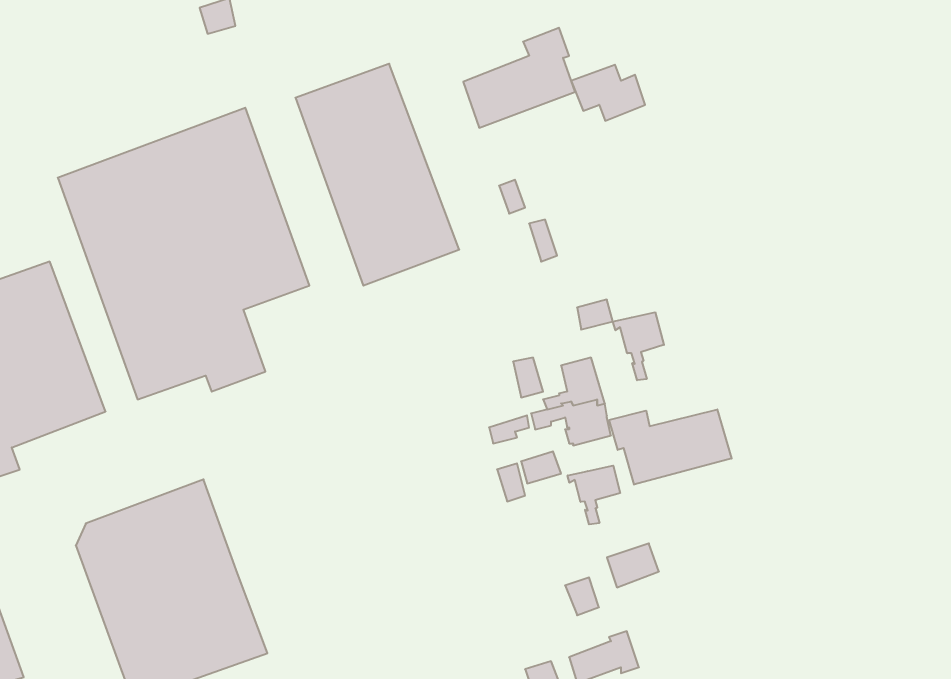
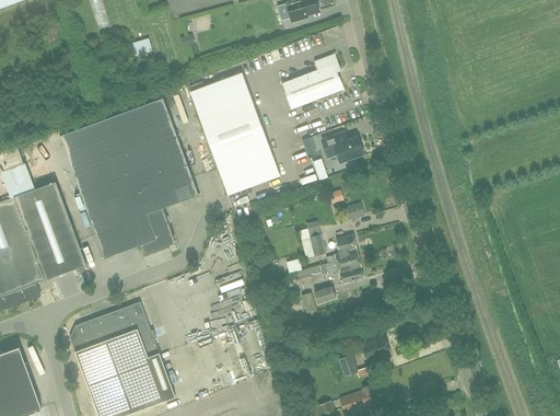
building: [571,65,645,121] -> [322,131,362,162]
building: [613,312,664,380] -> none
building: [609,409,732,485] -> none
building: [568,466,620,524] -> none

